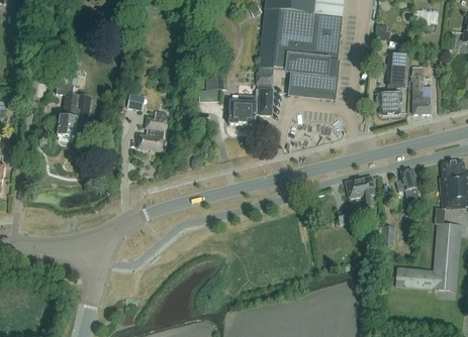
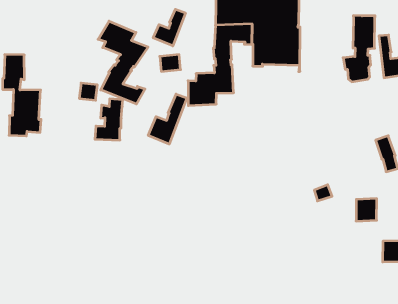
building: none -> [153,9,185,46]
building: none -> [98,21,148,104]
building: none -> [148,94,187,144]
building: [346,177,374,213] -> none

